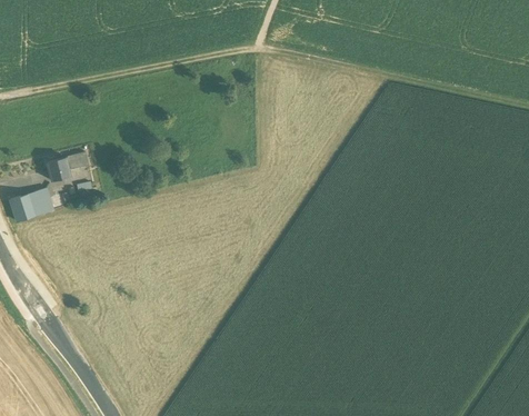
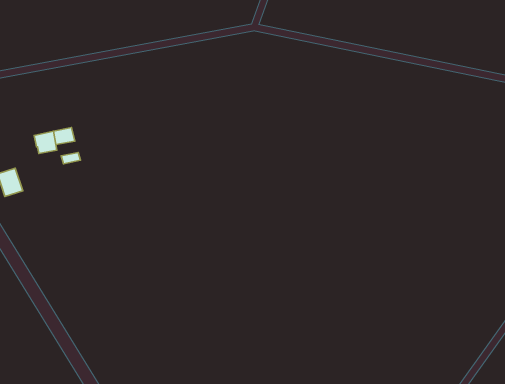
building: [28,187,53,216] -> none

